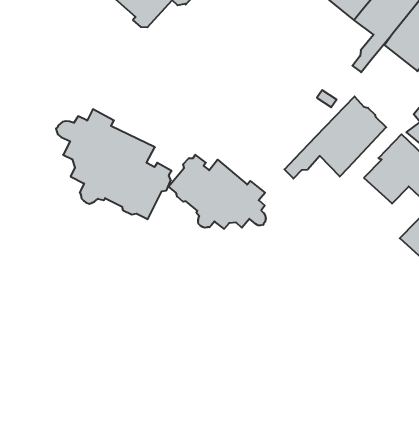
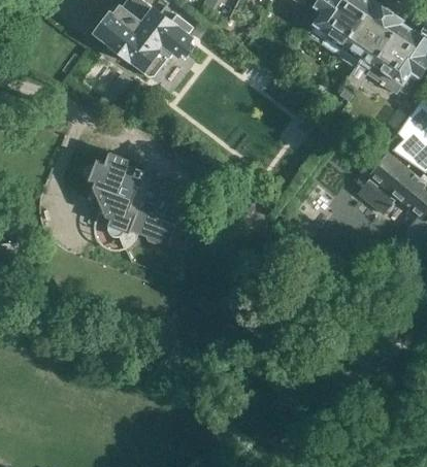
building: [284,96,386,179] -> none
building: [168,155,266,229] -> none

